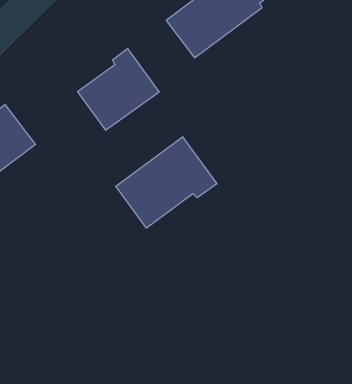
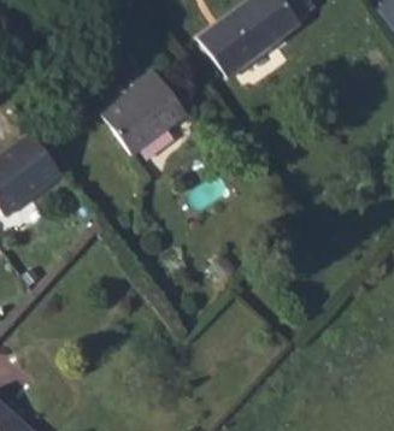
building: [116,137,217,228] -> none

